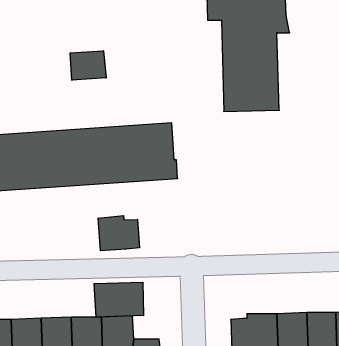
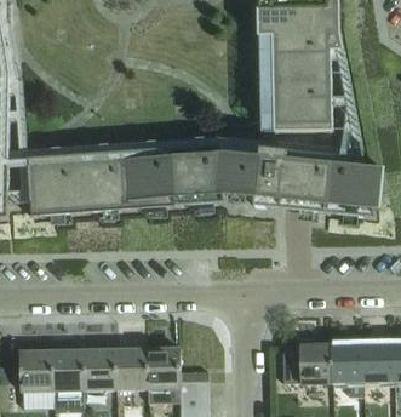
building: [70,51,106,80] -> none
building: none -> [220,144,383,218]
building: [98,216,139,251] -> none
building: [94,282,144,317] -> none

